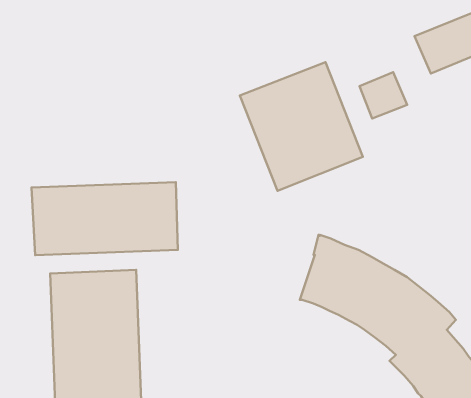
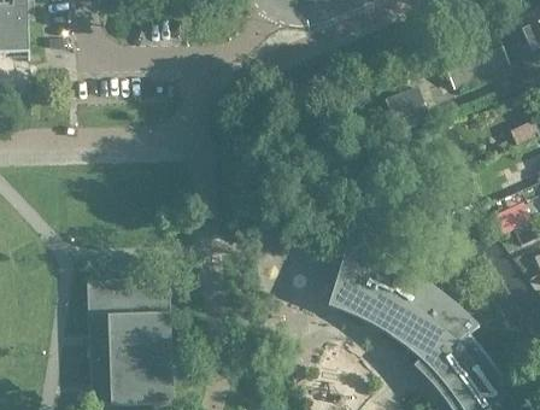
building: [240,62,363,191] -> none
building: [32,182,178,255] -> none

